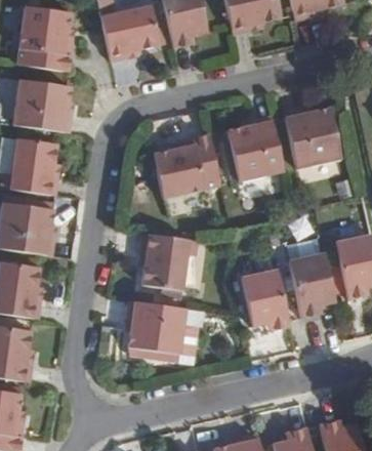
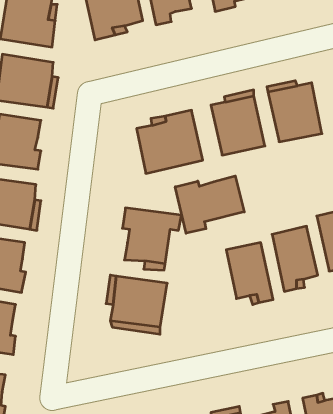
building: none -> [175,176,244,233]

